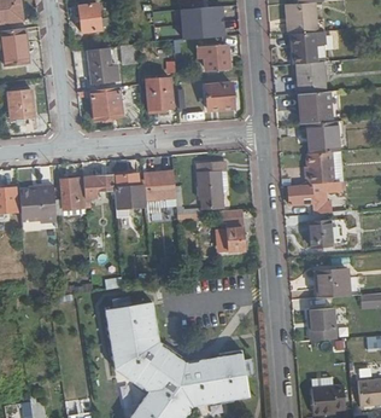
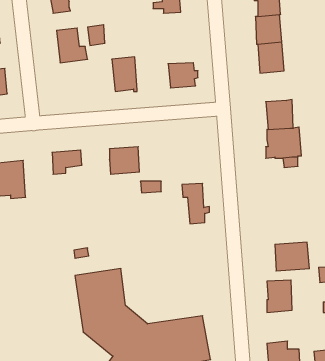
building: [195,43,229,71] -> none
building: [90,86,123,118] -> none
building: [300,91,328,123] -> none
building: [194,161,225,209] -> none
building: [112,173,145,217] -> none
building: [58,176,84,211] -> none
building: [287,184,330,211] -> none
building: [306,220,329,246] -> none

